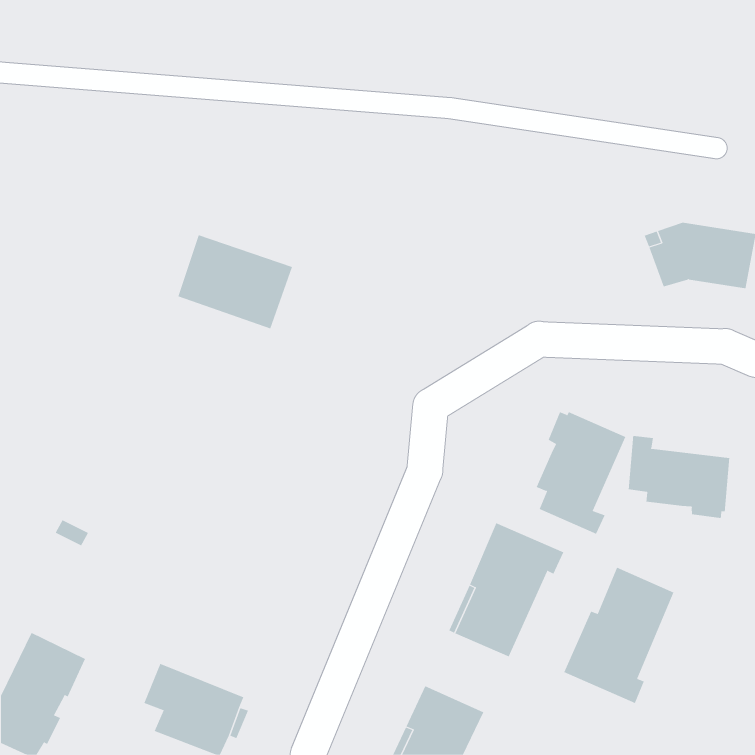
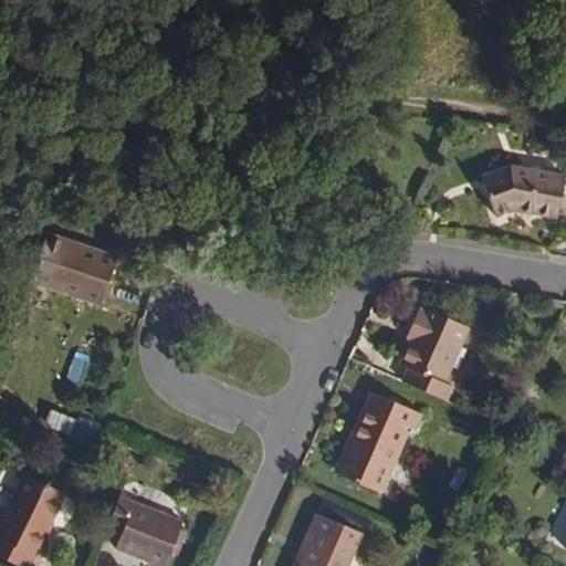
building: [177,234,293,329] -> [31,232,117,303]
building: [628,435,730,519] -> none
building: [564,567,674,704] -> none

